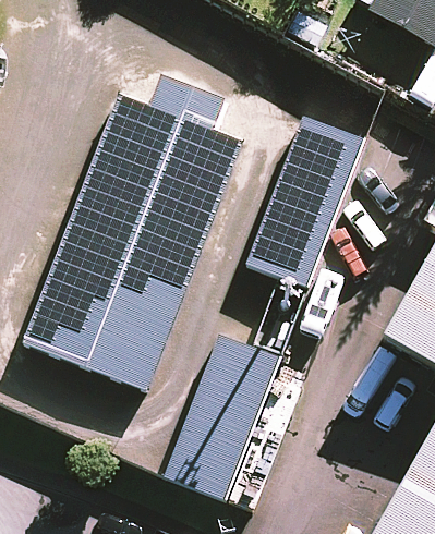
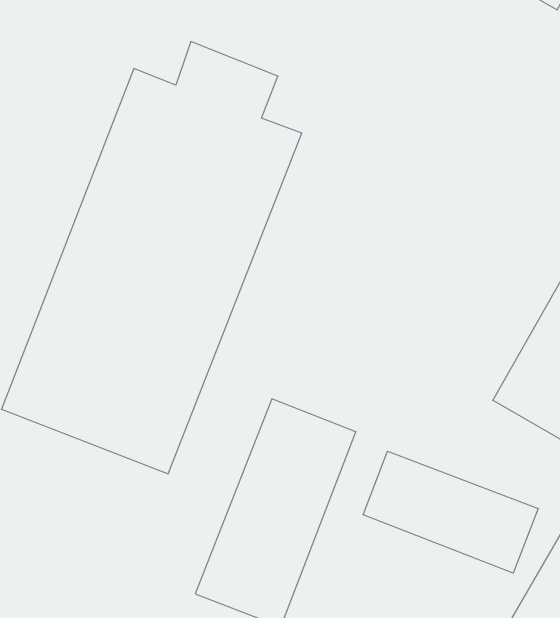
building: [245,114,362,284] -> none
building: none -> [363,451,538,573]

